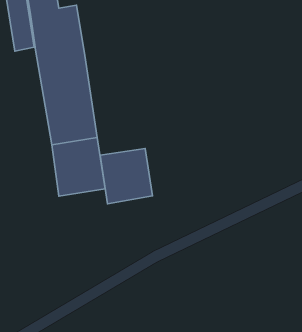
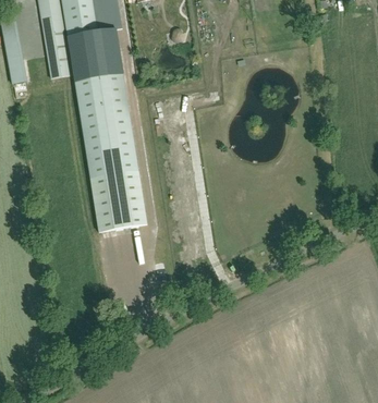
building: [100,148,152,204] -> none

